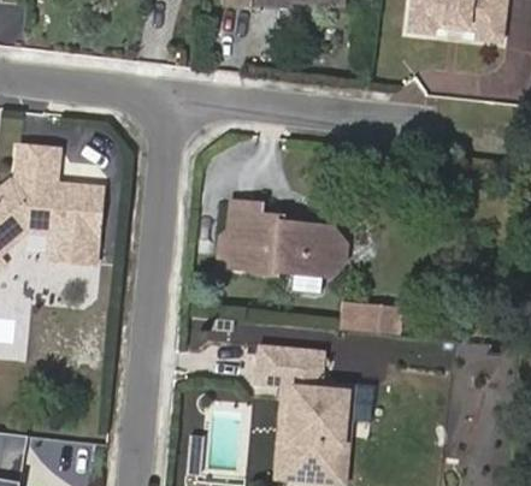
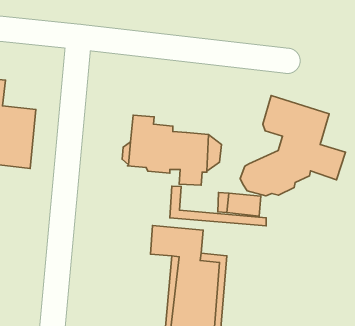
building: none -> [240,95,345,196]
building: none -> [170,186,266,226]

